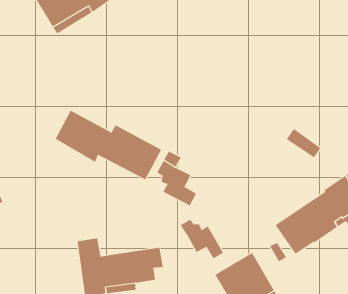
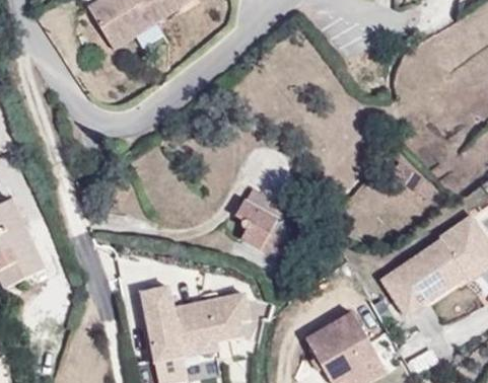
building: [55,110,162,180] -> none
building: [180,219,224,259] -> none

